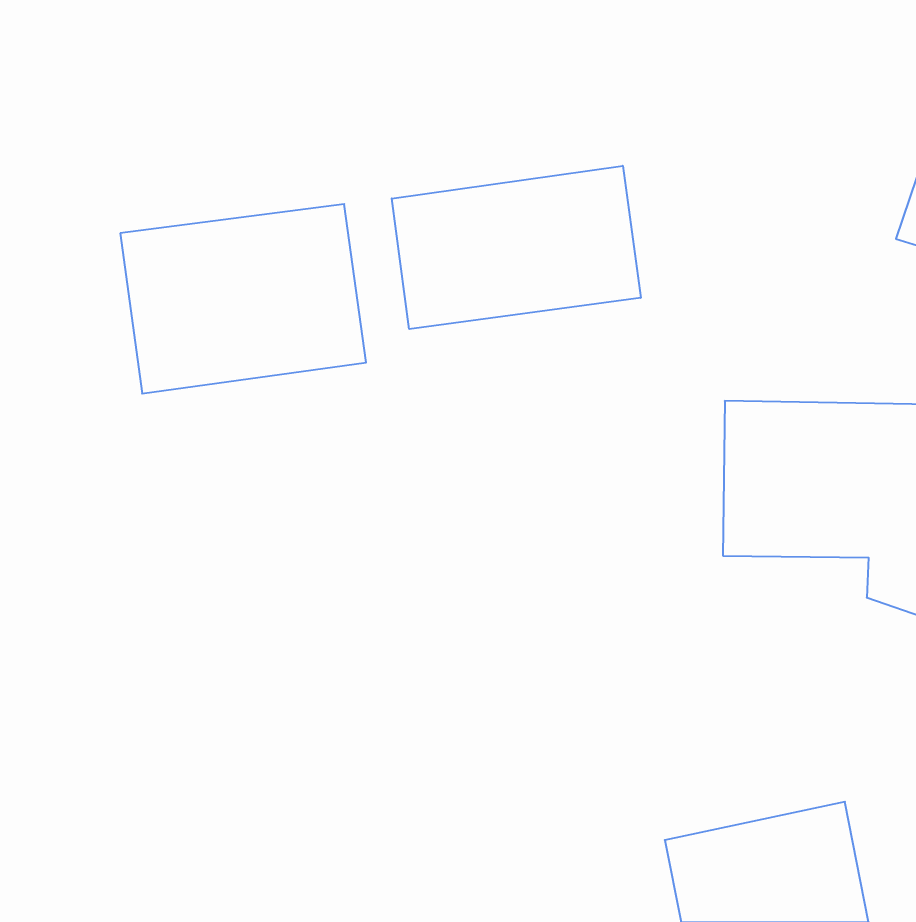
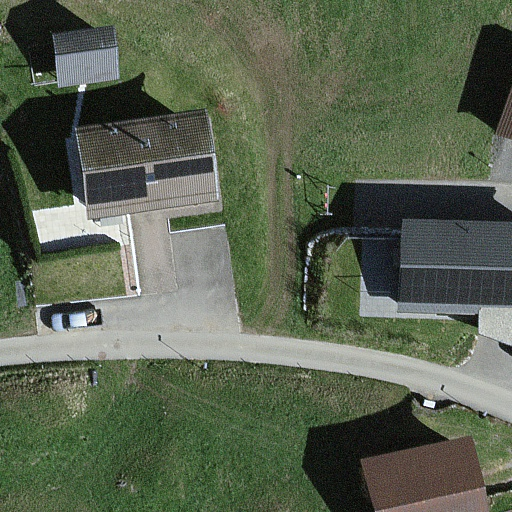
building: none -> [50,28,120,90]
building: [392,166,641,329] -> none

